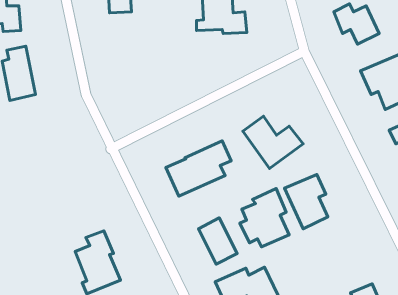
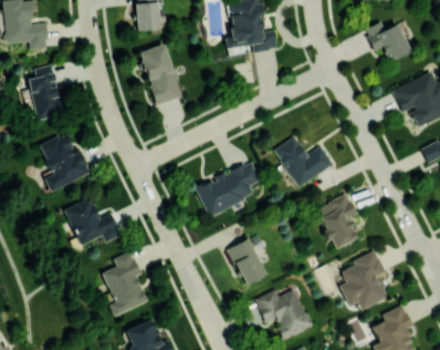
building: none -> [141,44,181,106]
building: none -> [39,134,91,192]
building: none -> [65,198,121,246]
building: [240,189,289,247] -> [339,251,389,310]

